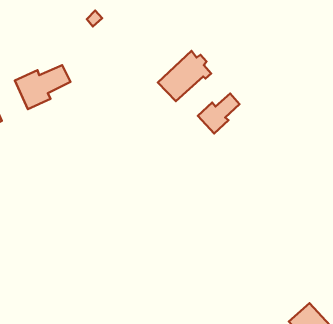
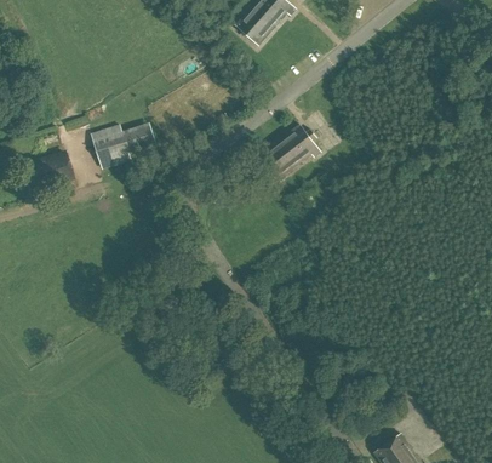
building: [198,93,240,134] -> none

